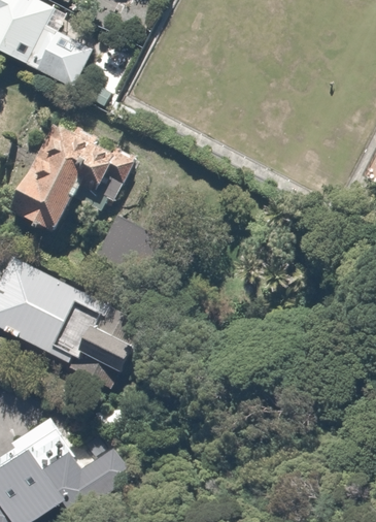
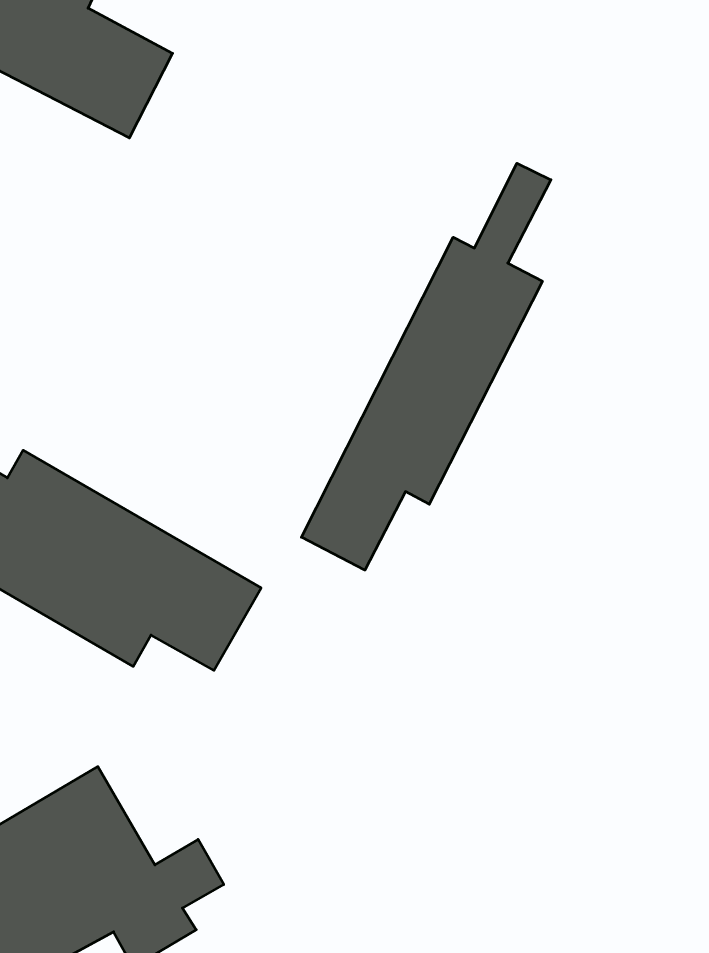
building: none -> [301,163,551,570]
building: [16,117,138,234] -> none

